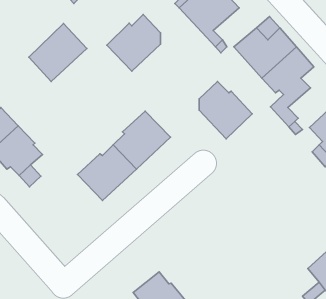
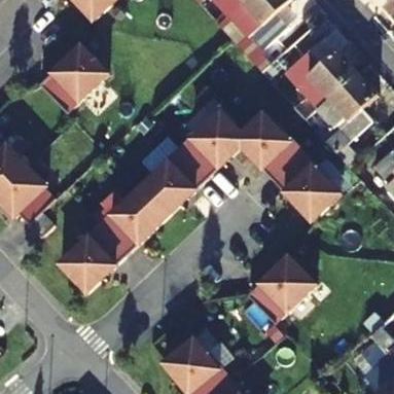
building: [107,15,161,71] -> [178,112,242,179]
building: none -> [274,151,341,221]
building: none -> [60,223,128,293]
building: none -> [248,256,316,325]

